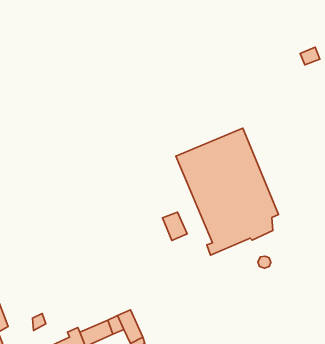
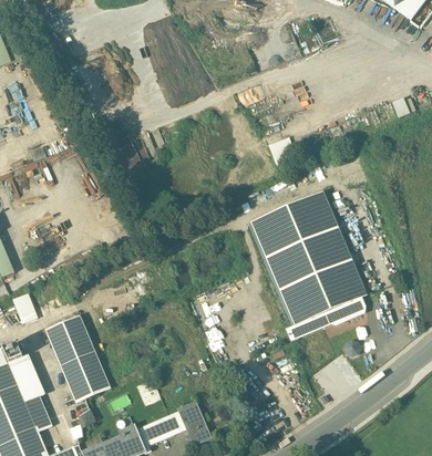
building: [162,212,187,241] -> none
building: none -> [47,314,110,400]

